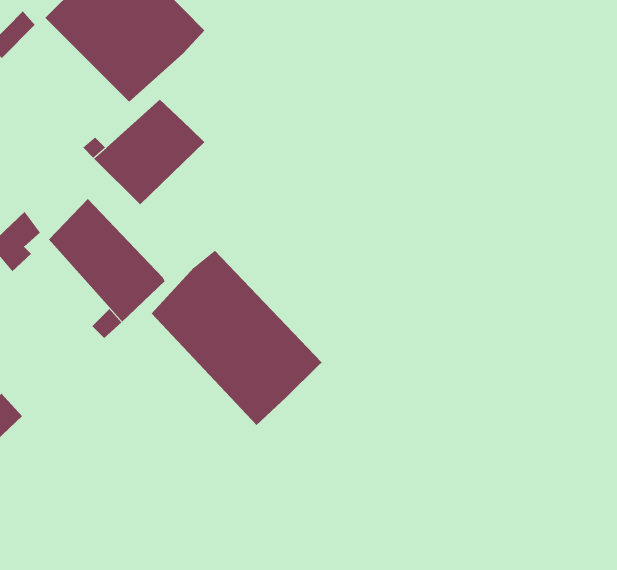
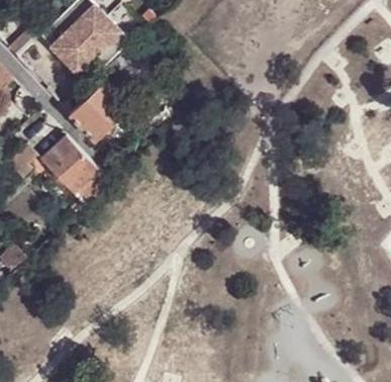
building: [151,250,323,426] -> none

